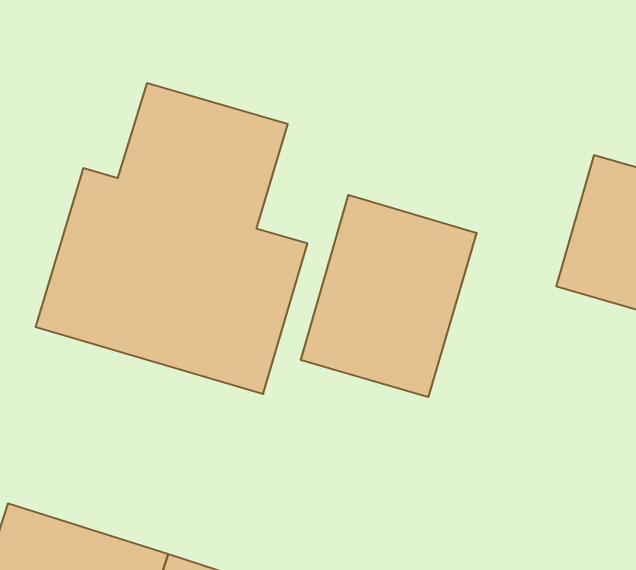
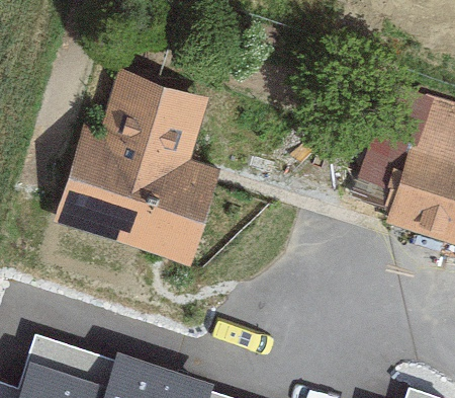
building: [301,195,477,397] -> none

